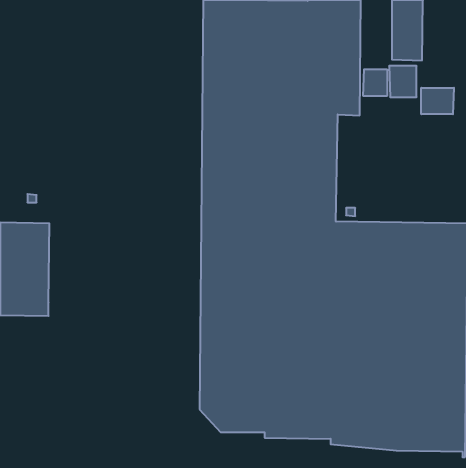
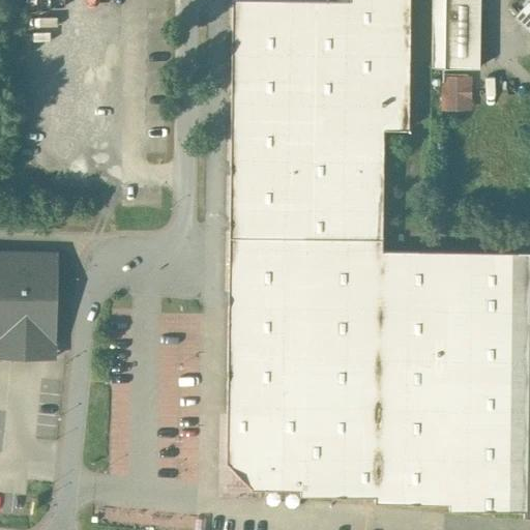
building: [363,69,387,96] -> none
building: [421,88,454,114] -> none

